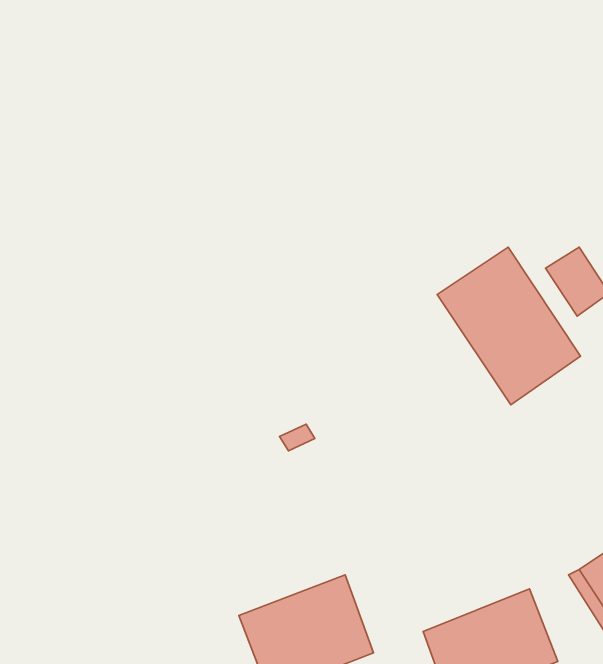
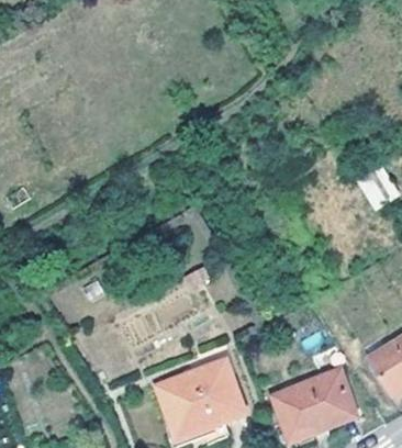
building: [437,247,580,405] -> none

